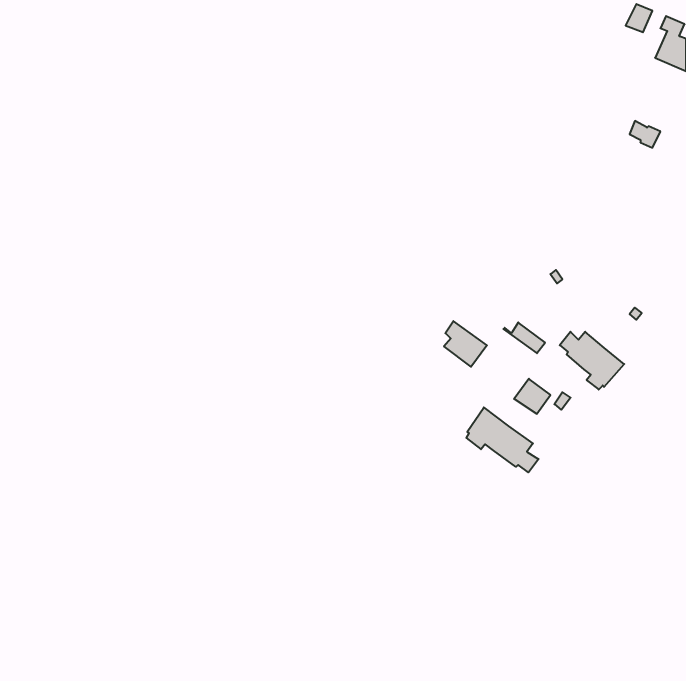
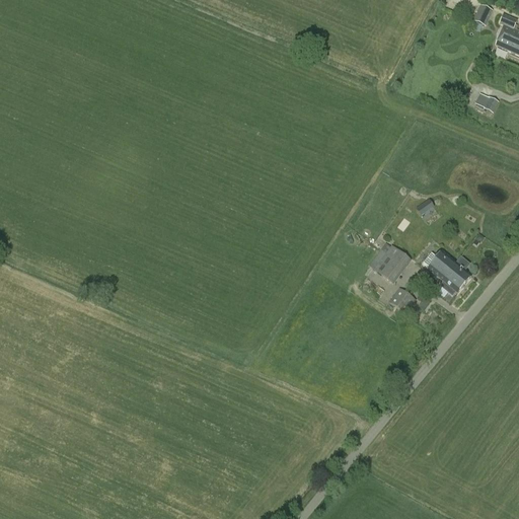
building: [444,321,487,367] -> [373,248,405,283]
building: [466,407,539,472] -> none

